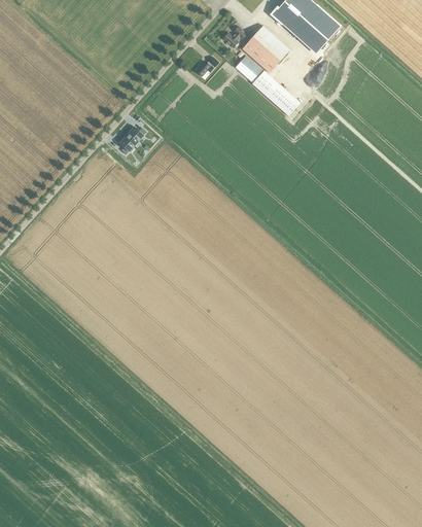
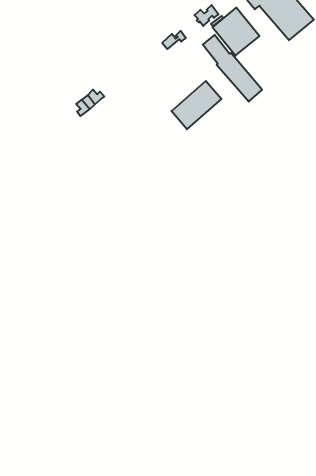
building: none -> [171,81,221,129]

